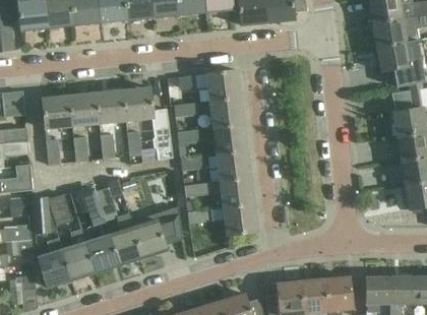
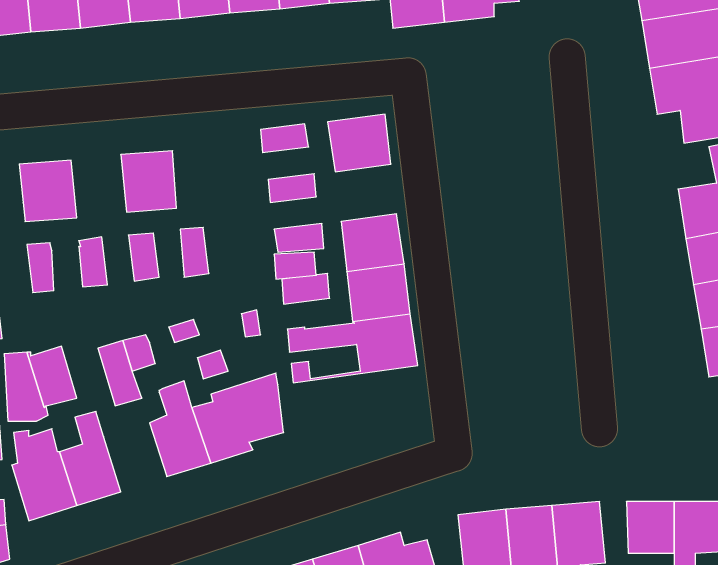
building: [123,87,173,160] -> none
building: [69,92,99,126] -> none
building: [209,98,242,128] -> none
building: [187,204,256,236] -> none
building: [86,235,120,271] -> none

